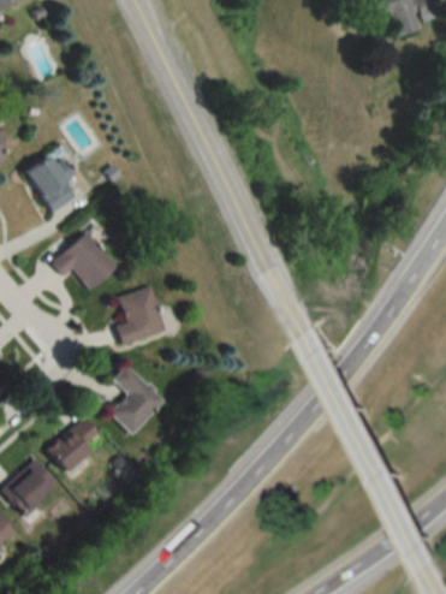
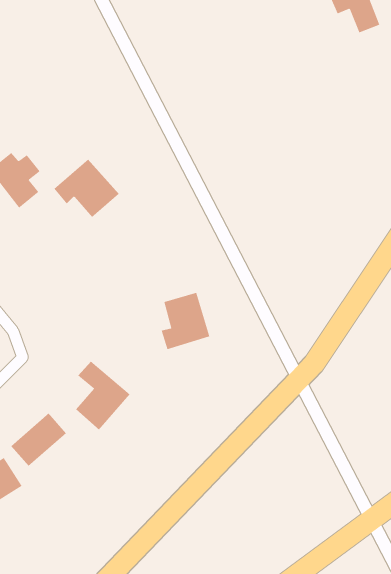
building: [52,231,118,290] -> [53,159,119,218]
building: [117,286,166,344] -> [161,292,210,350]

